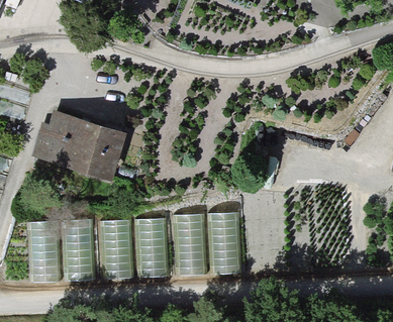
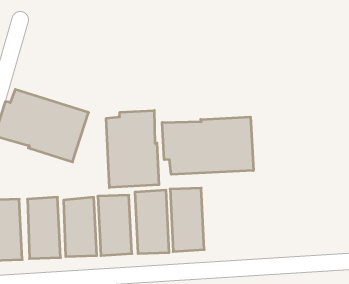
building: none -> [106,110,159,188]
building: none -> [162,117,253,174]

